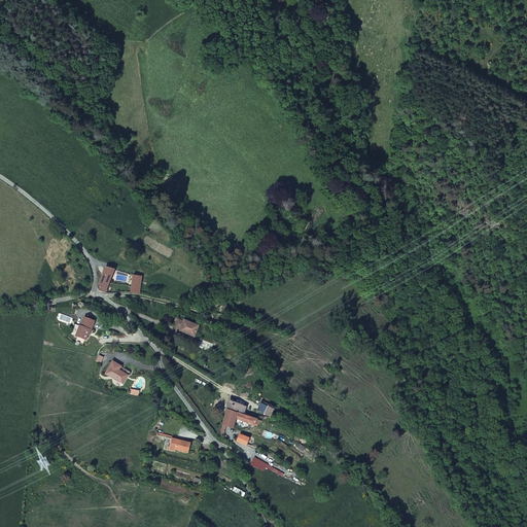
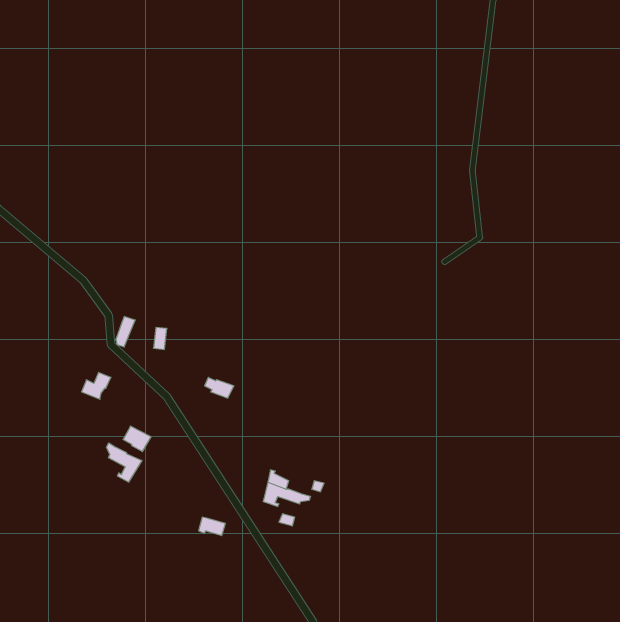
building: none -> [107,443,142,482]

